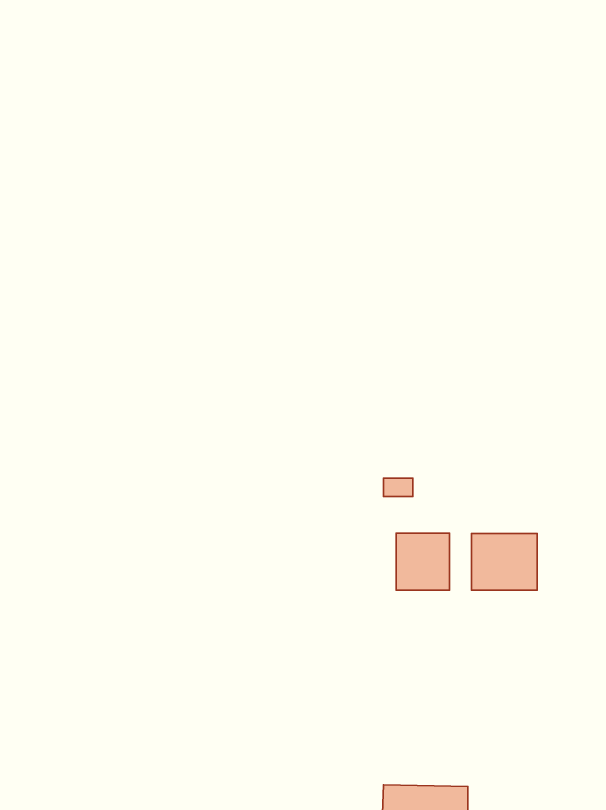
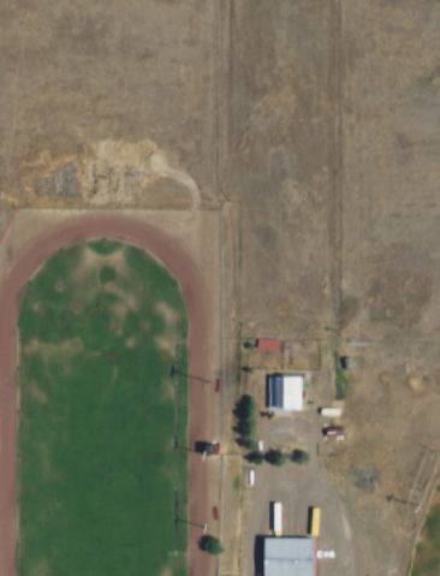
building: [471,533,537,590] -> none

